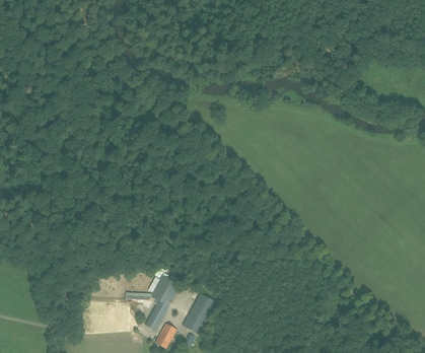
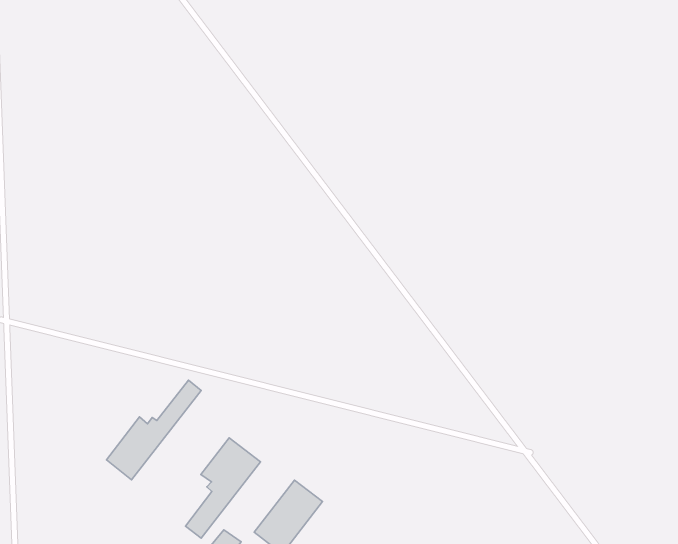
building: none -> [106,380,201,480]

